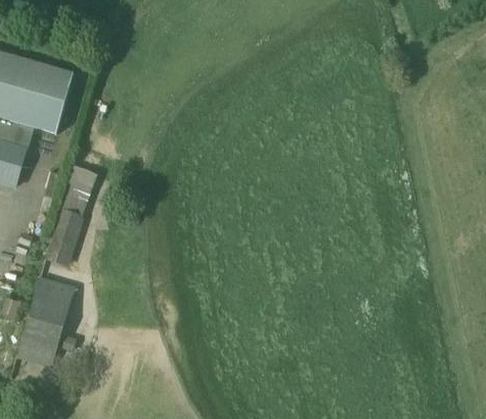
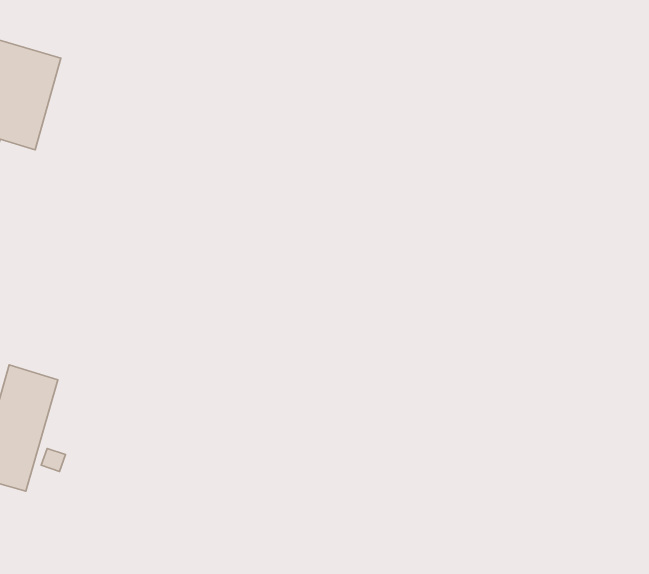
building: [45,181,91,265] -> none

